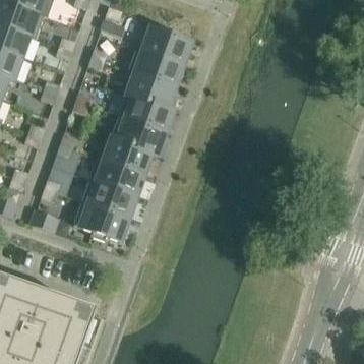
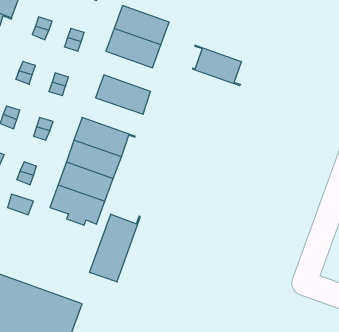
building: [127,69,175,109] -> [193,45,242,86]
building: [106,115,166,153] -> none
building: none -> [90,214,140,282]

